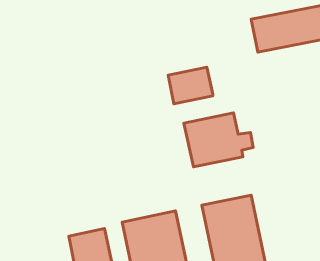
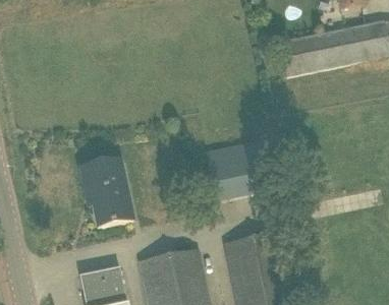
building: [168,67,213,104] -> none
building: none -> [81,159,134,229]

